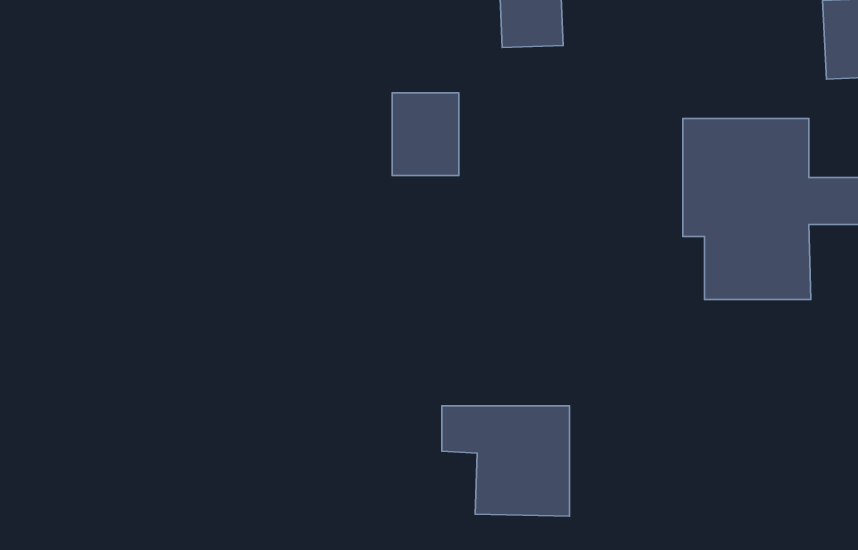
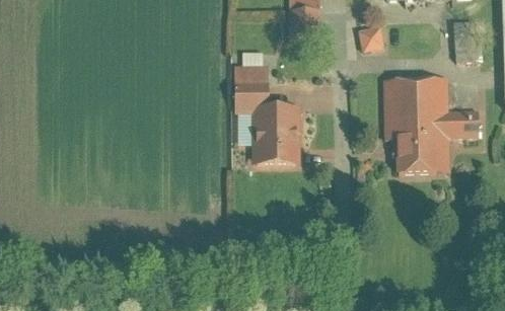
building: none -> [359,26,387,52]
building: [442,406,569,516] -> [232,112,298,169]

